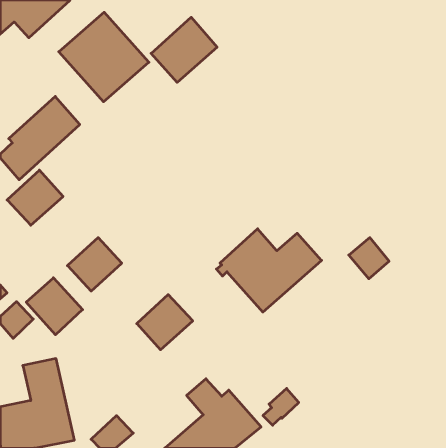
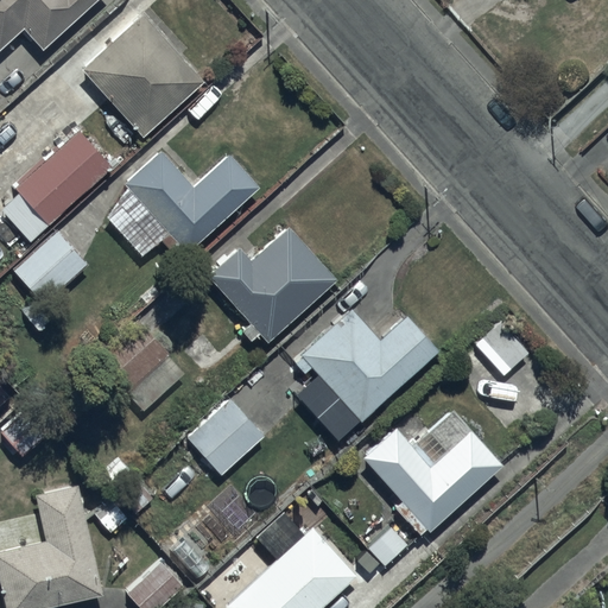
building: [151,17,217,82] -> none
building: none -> [104,151,259,258]
building: none -> [209,227,336,344]
building: [26,278,83,335] -> none
building: none -> [362,429,501,537]

